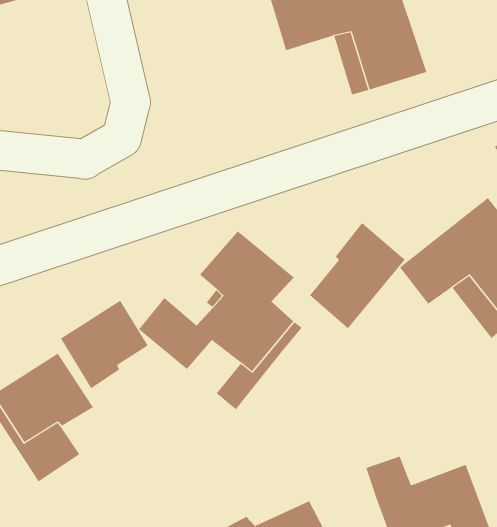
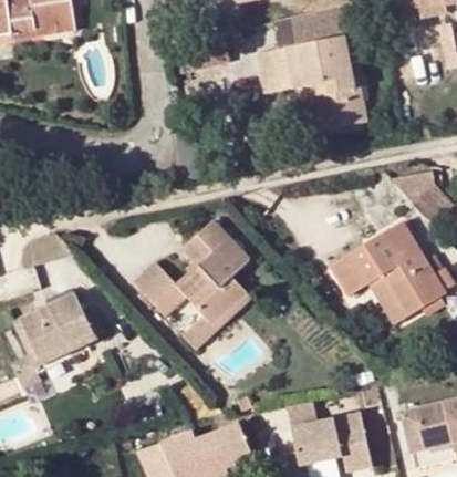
building: [309,222,406,329] -> none
building: [60,300,148,389] -> none

